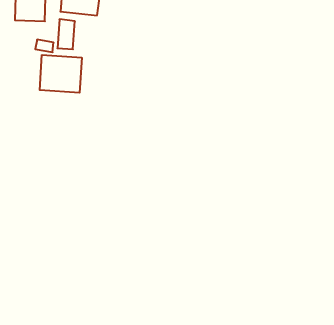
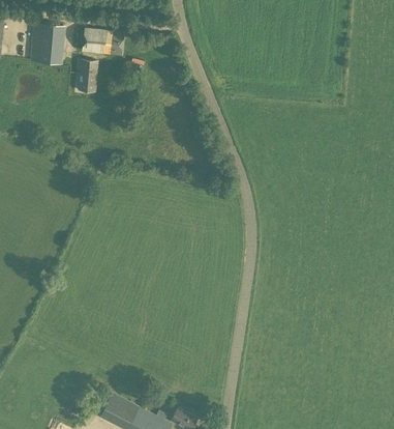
building: [40,55,82,93] -> none

